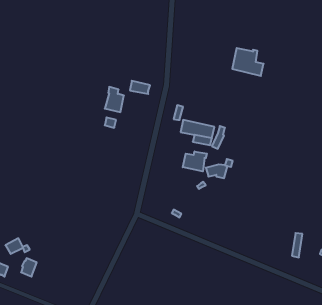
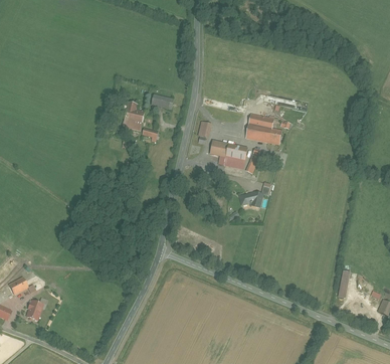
building: [232,48,264,76] -> [245,114,281,146]
building: [183,151,207,171] -> none

